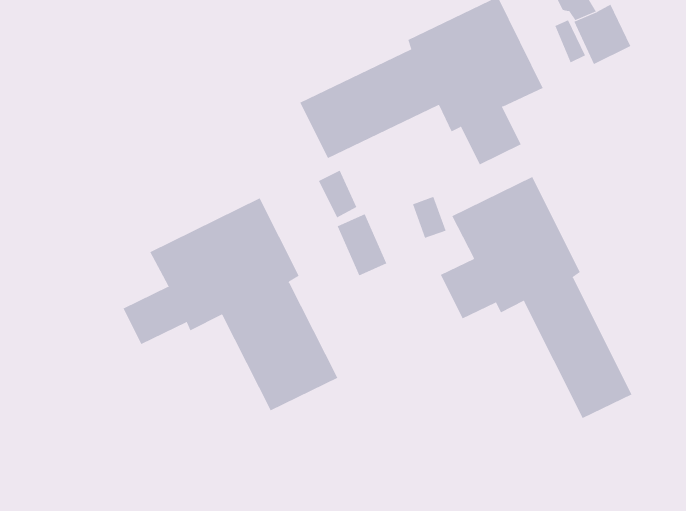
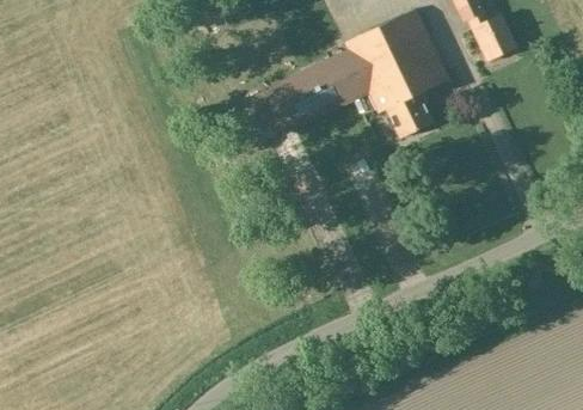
building: [440,176,632,419] -> none
building: [123,197,338,411] -> none

